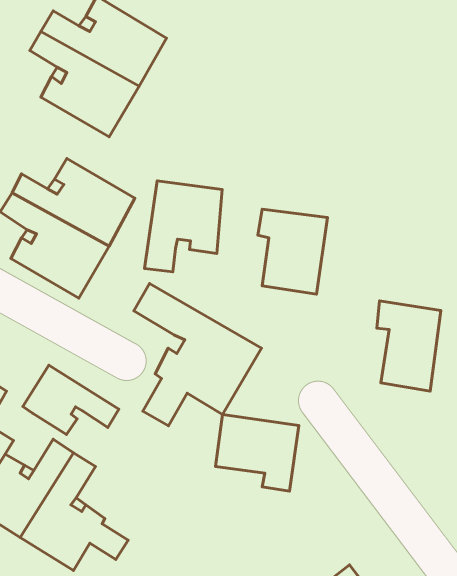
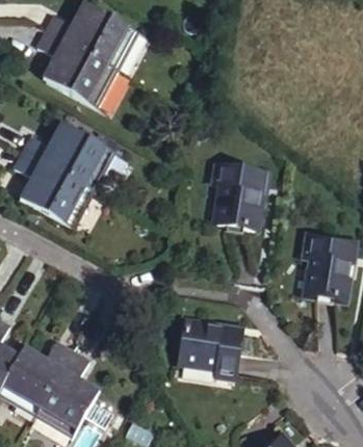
building: [145,181,222,272] -> none
building: [134,283,262,426] -> none
building: [23,365,119,434] -> none

